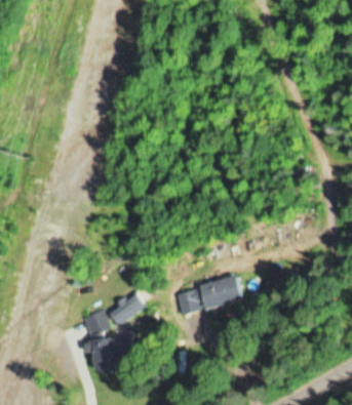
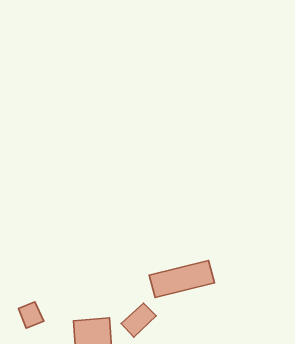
building: [108,289,145,325] -> [121,303,156,337]
building: [84,311,111,338] -> [18,302,44,328]

